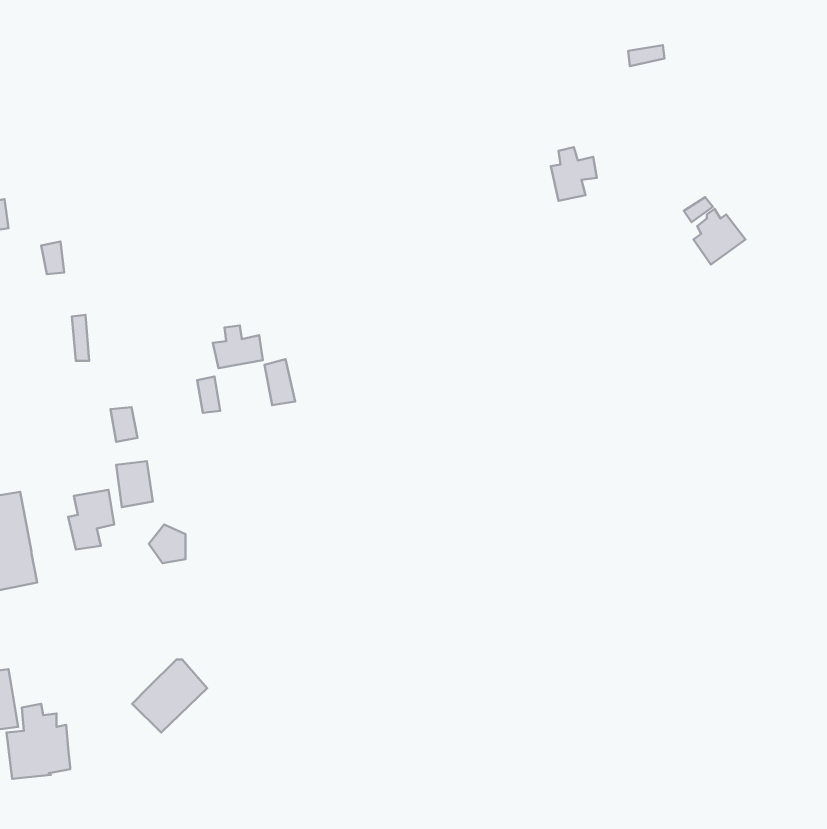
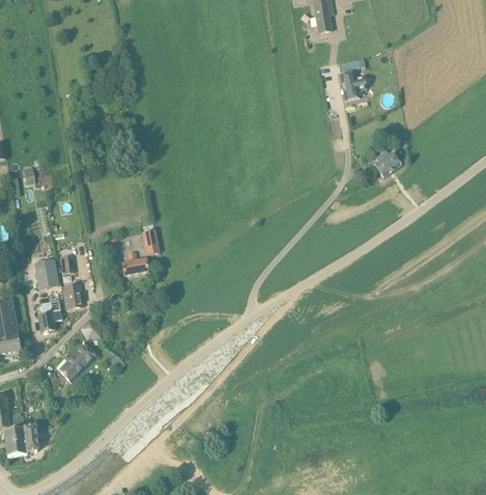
building: [551,147,597,201] -> [341,72,366,101]
building: [213,326,263,368] -> [121,253,148,276]
building: none -> [31,257,56,280]
building: [132,659,207,733] -> [56,342,96,382]

